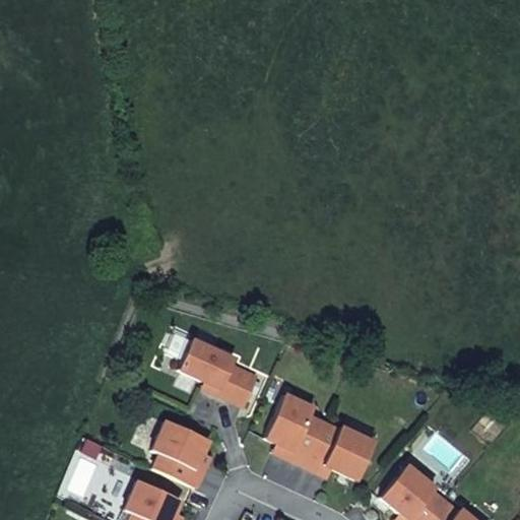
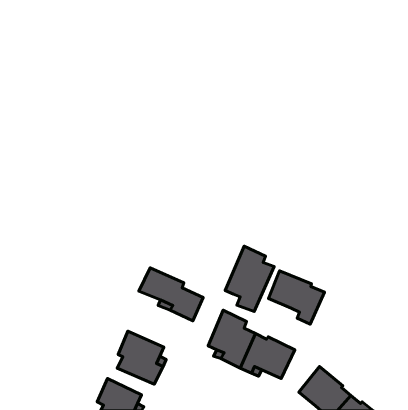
building: none -> [225,246,274,311]
building: none -> [268,271,324,324]

